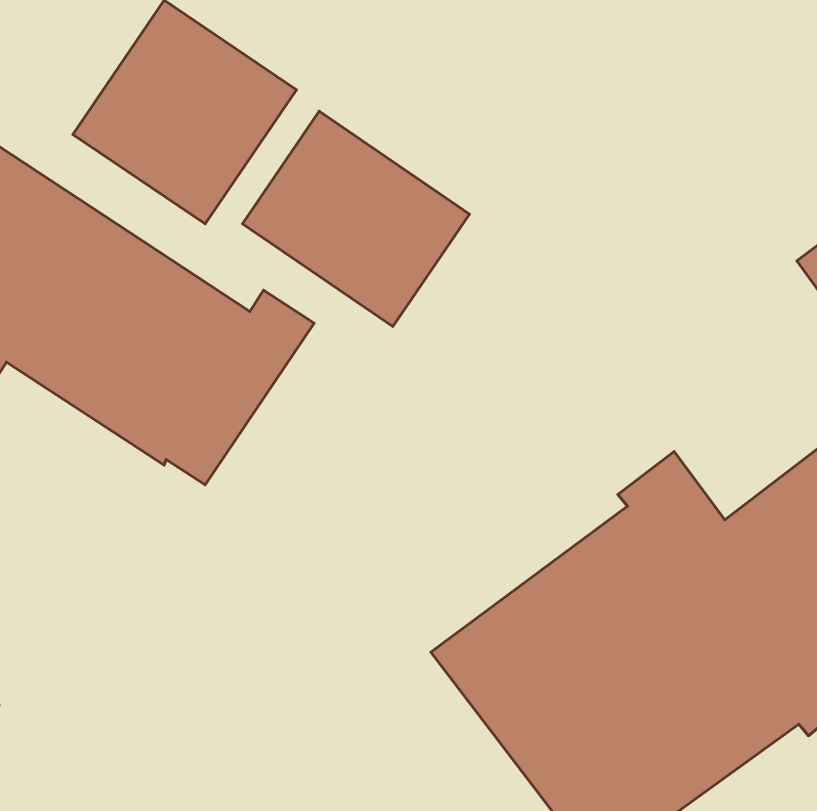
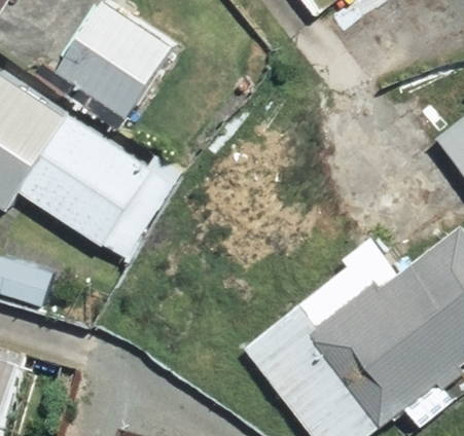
building: [242,111,469,327] -> none

